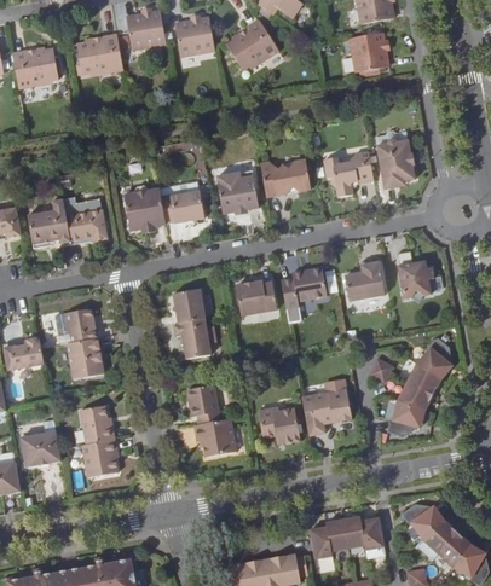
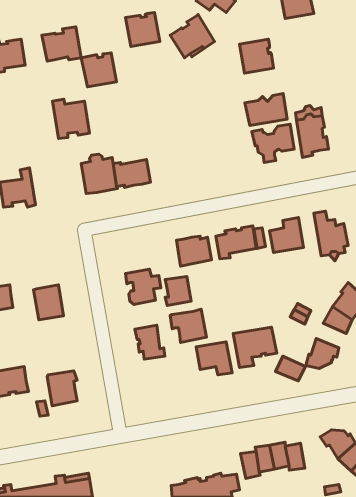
building: [126,12,167,52] -> [81,53,116,87]
building: [350,34,389,74] -> [239,39,274,73]
building: [260,157,310,195] -> [245,93,287,125]
building: [216,169,259,211] -> none
building: [63,197,106,243] -> [52,99,90,138]
building: [173,289,203,323] -> [165,276,191,305]
building: [64,307,97,341] -> none
building: [398,381,433,410] -> [276,356,306,381]
building: [80,406,115,441] -> none
building: [195,417,237,456] -> [170,309,206,342]

